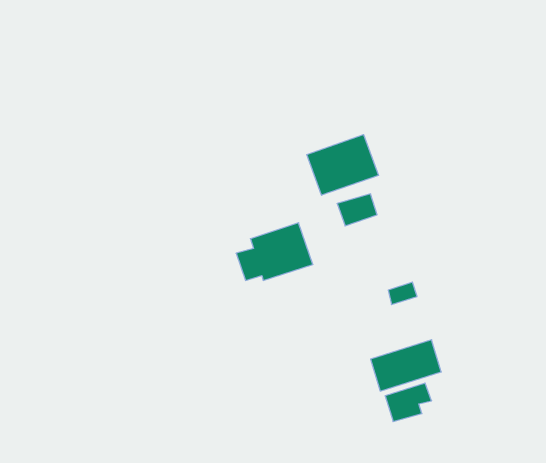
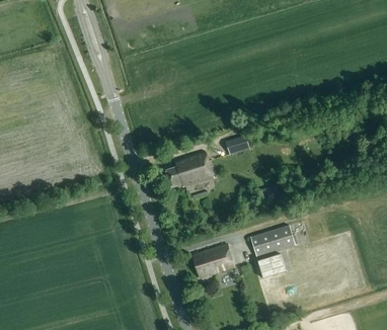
building: [307,135,378,195] -> none
building: none -> [191,244,234,278]

